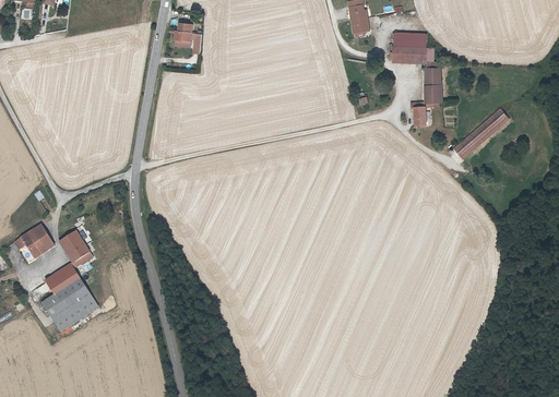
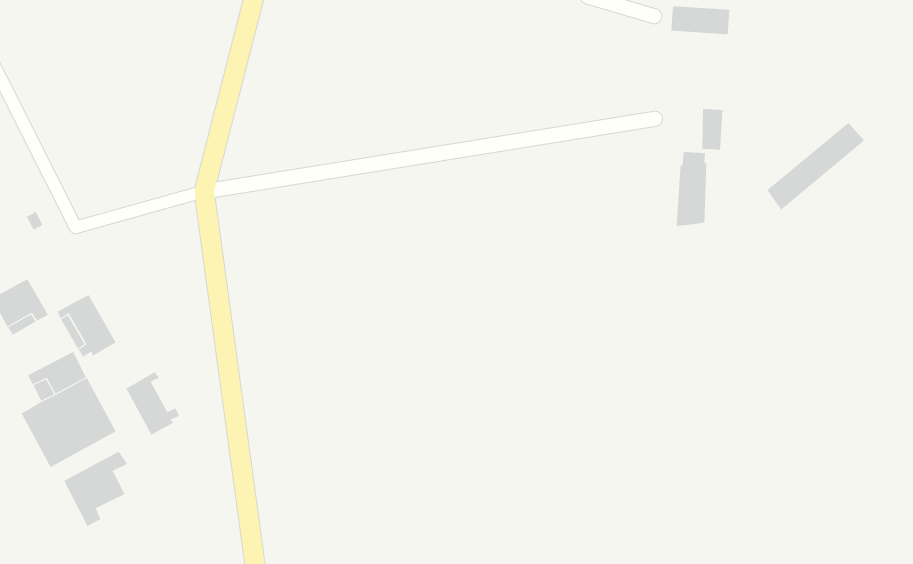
building: [425,63,441,106] -> [676,151,707,226]
building: none -> [126,371,180,436]
building: none -> [64,451,128,527]

